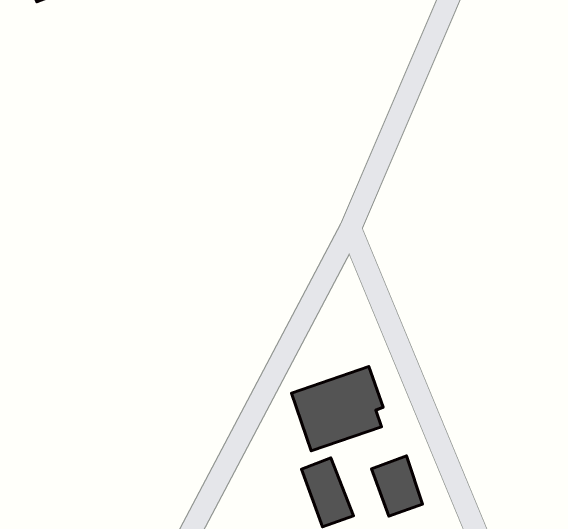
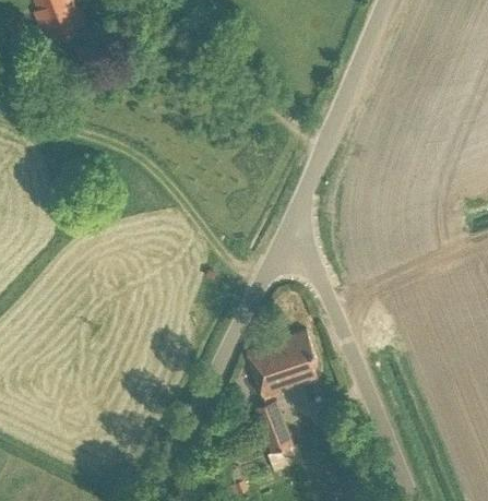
building: [372,456,423,516] -> none

